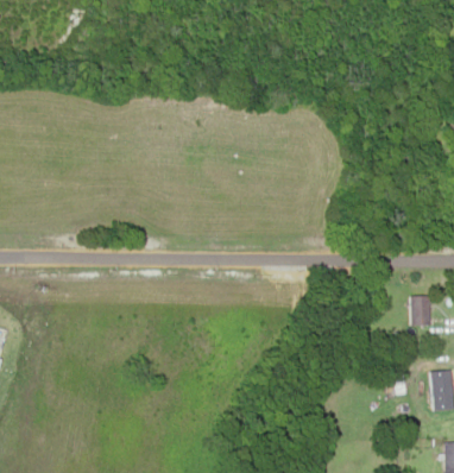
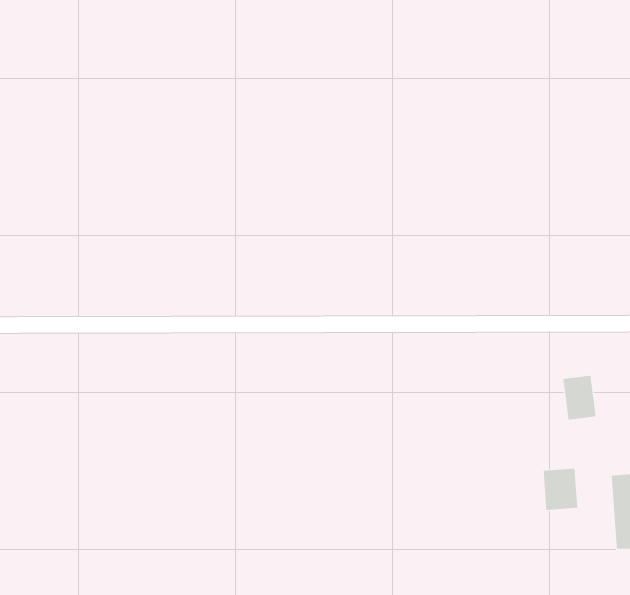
building: none -> [543,468,578,511]

